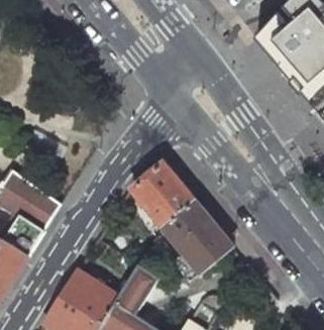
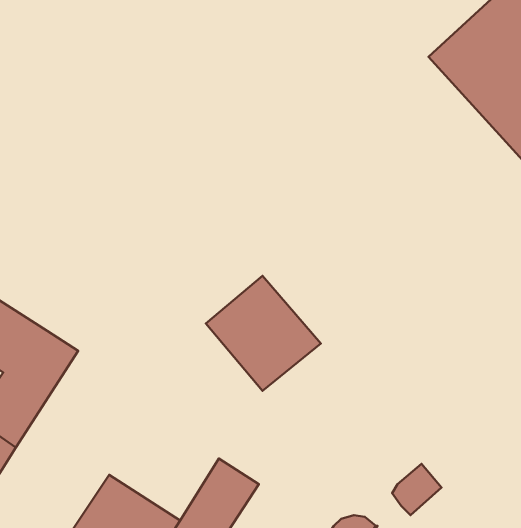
building: [164,199,234,281] -> none

